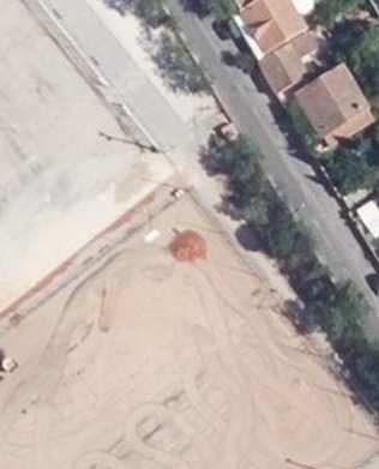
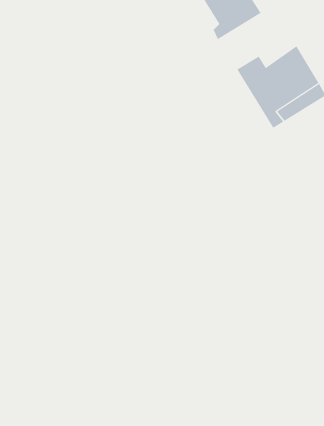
building: [258,28,317,89] -> none

